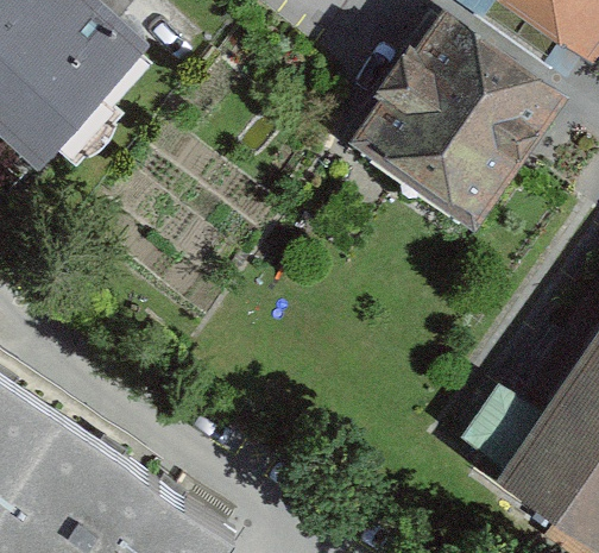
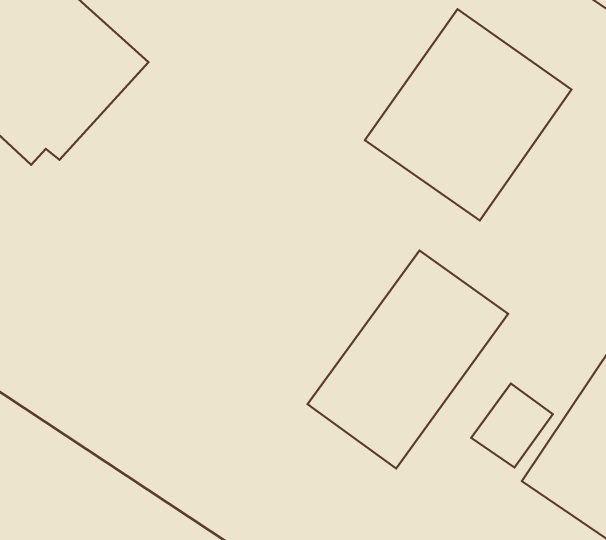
building: none -> [307,250,508,469]

